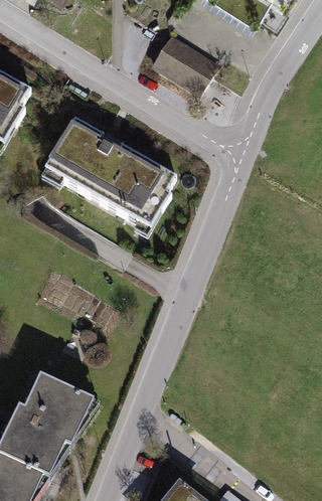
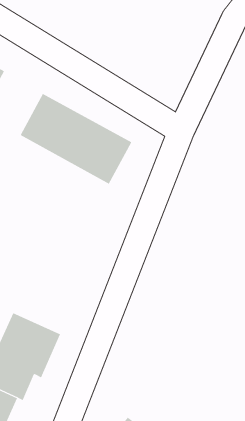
building: [147,43,210,100] -> none

